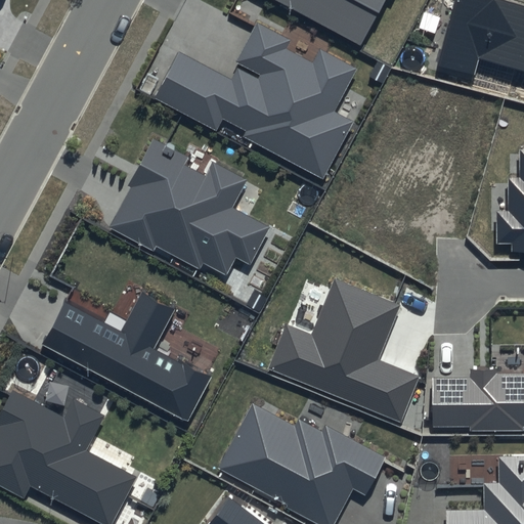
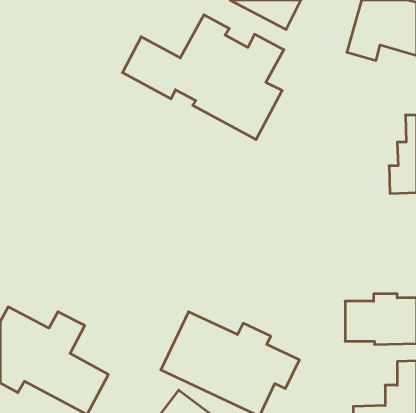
building: [103,137,269,273] -> none
building: [268,283,419,427] -> none
building: [42,289,208,417] -> none

